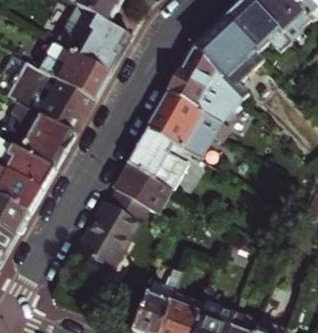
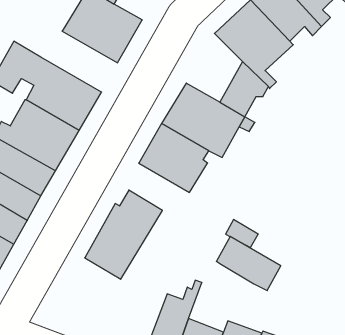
building: [40,47,108,101] -> none
building: [169,49,219,110] -> none
building: [115,164,172,212] -> [216,236,281,291]

